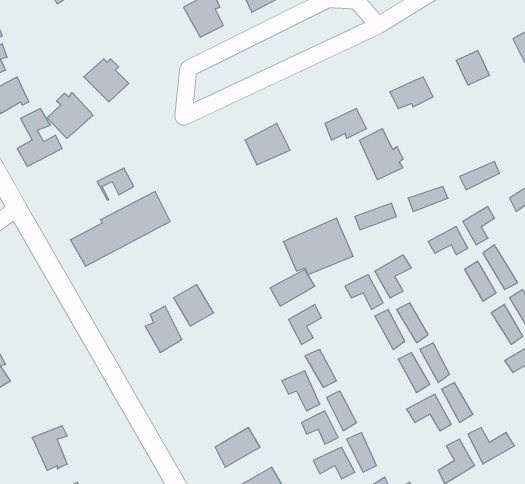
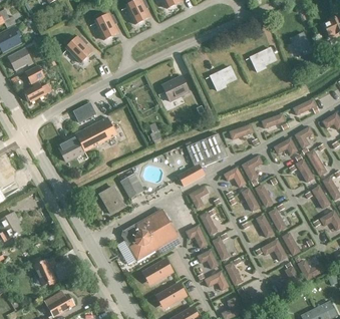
building: none -> [94,13,118,39]
building: [47,93,93,138] -> none
building: [360,129,403,180] -> none
building: none -> [116,210,177,264]

